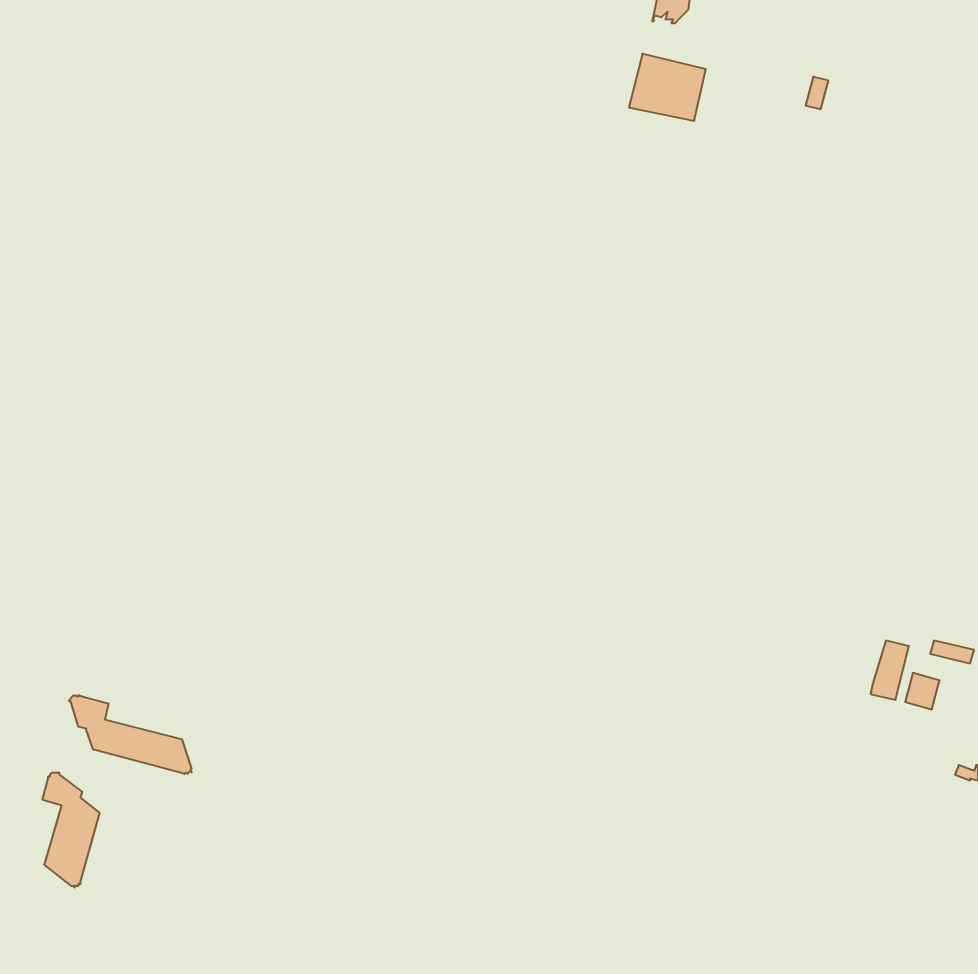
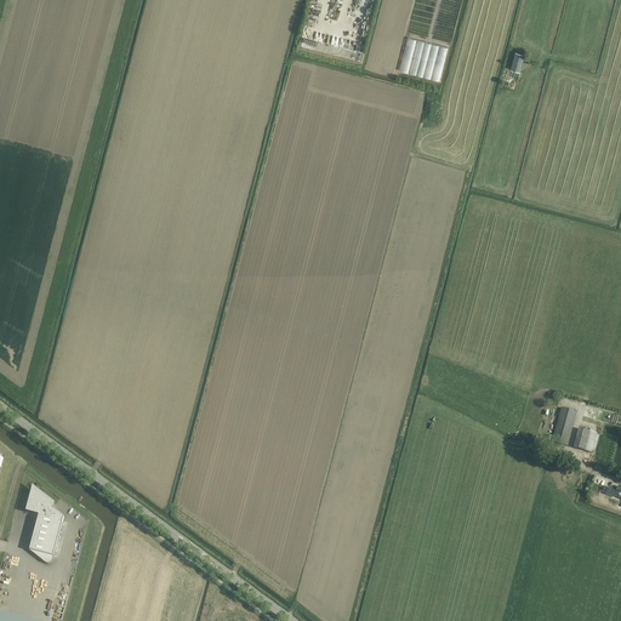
building: [69,695,192,774] -> none

